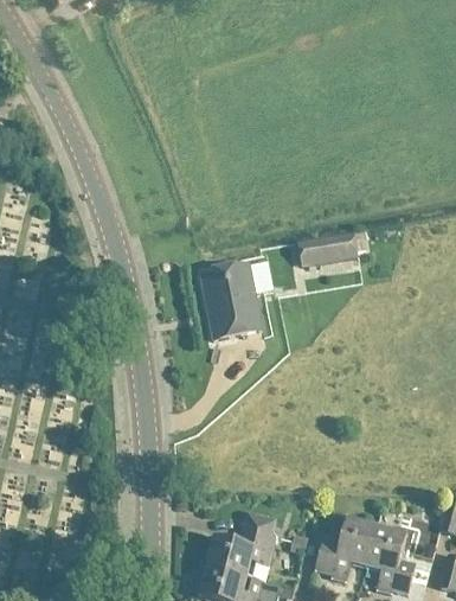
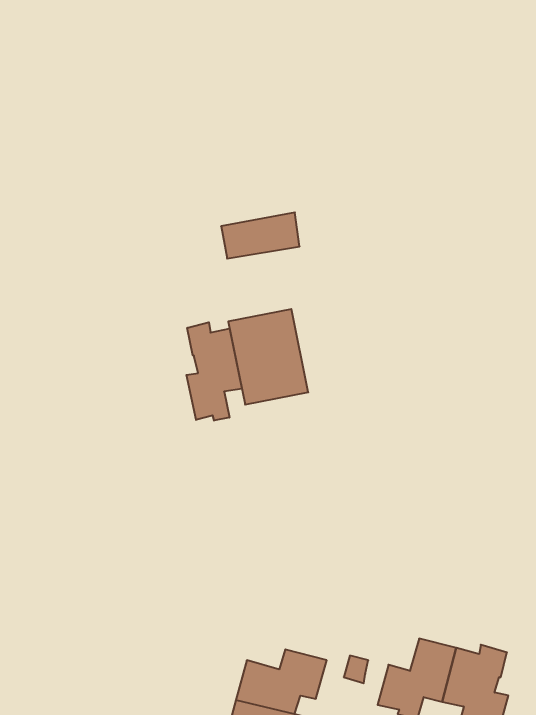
building: [297,230,358,266] -> [221,212,300,259]
building: none -> [186,322,242,421]

